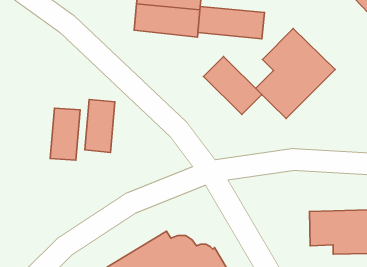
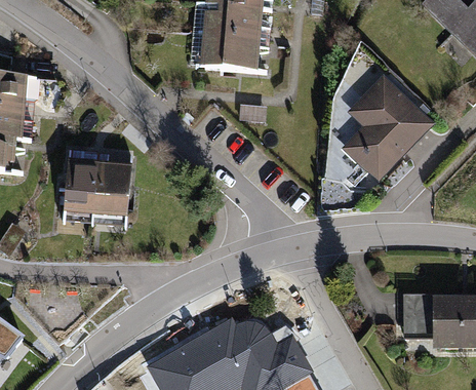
building: [198,6,264,39] -> none
building: [204,56,262,115] -> none
building: [85,99,115,152] -> [63,165,98,229]

